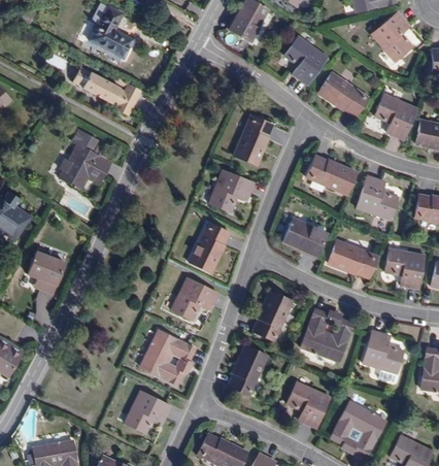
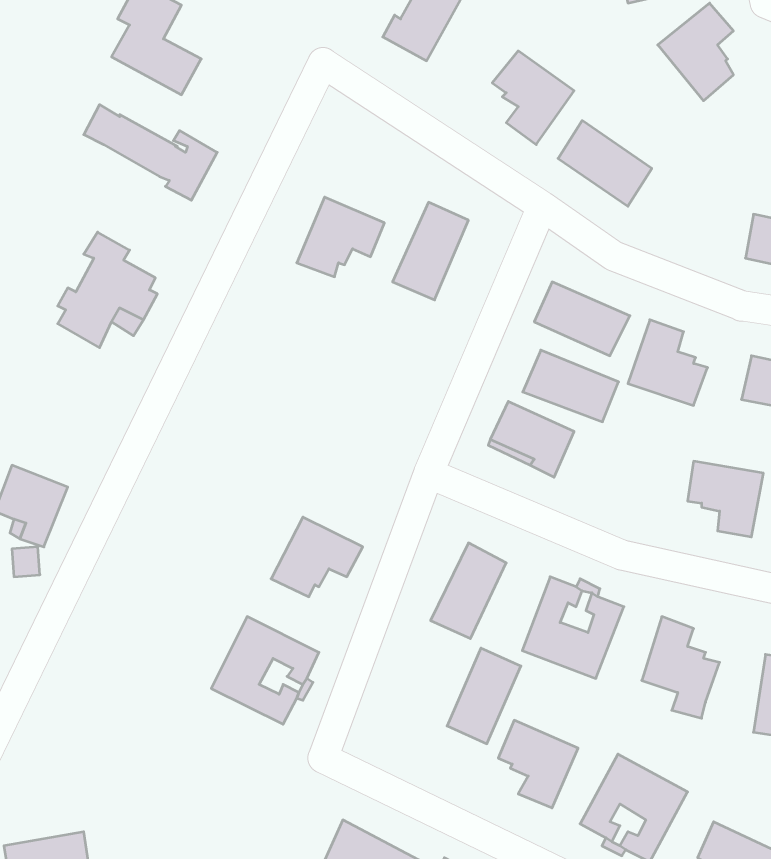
building: [376,94,417,139] -> none
building: [209,169,255,210] -> [297,197,384,277]
building: [190,222,230,272] -> none
building: [328,239,377,276] -> [523,350,619,422]
building: [229,345,267,395] -> [447,648,521,744]
building: [124,390,171,432] -> none

